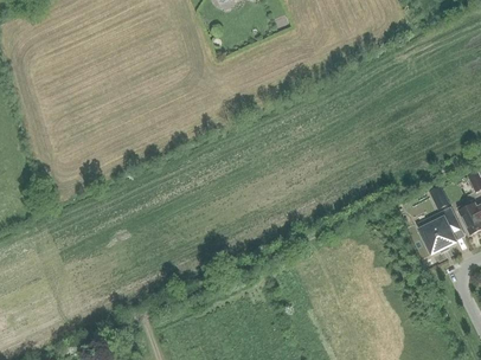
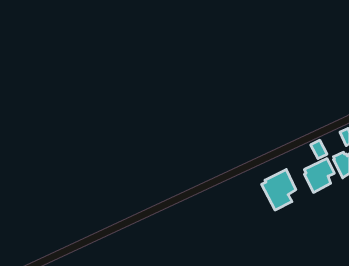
building: none -> [262,169,296,210]

